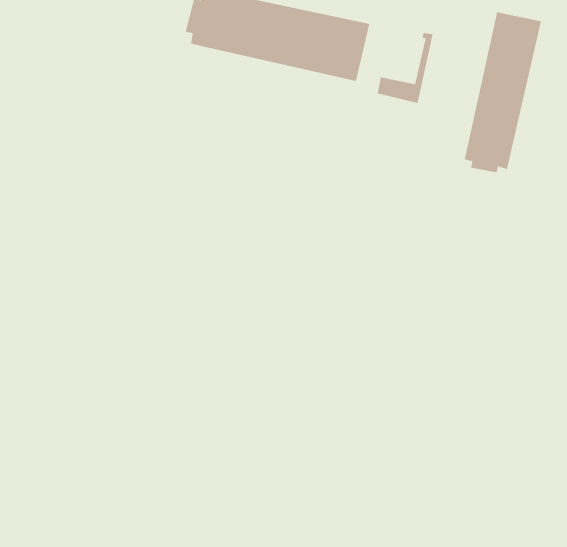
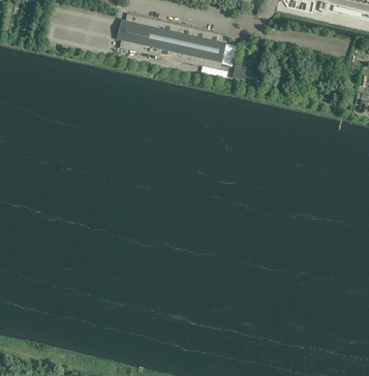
building: [464,11,542,173] -> none

